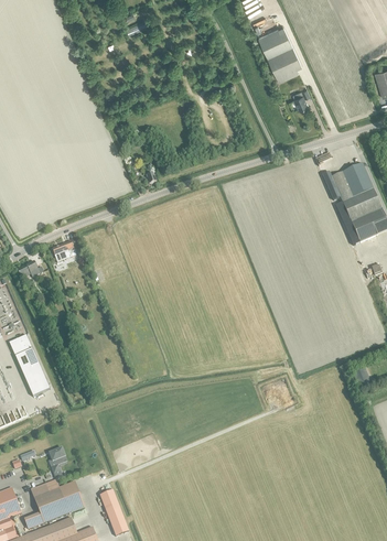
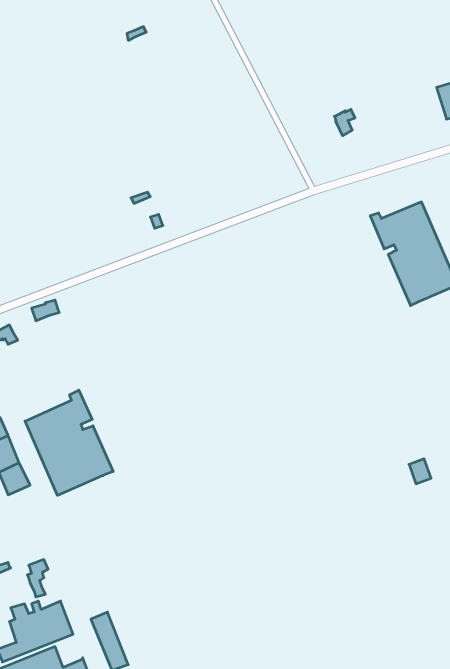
building: [258,25,302,82] -> none
building: none -> [25,390,113,495]

